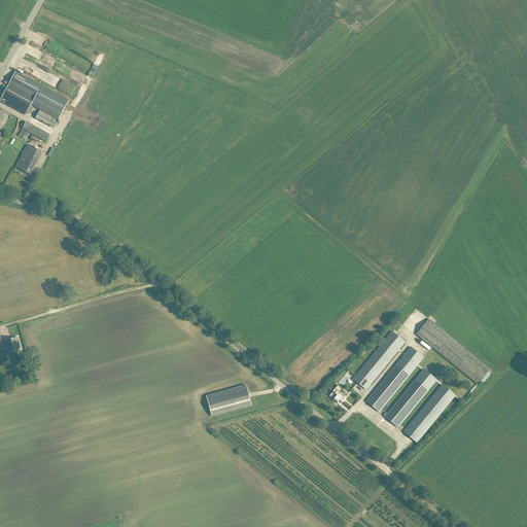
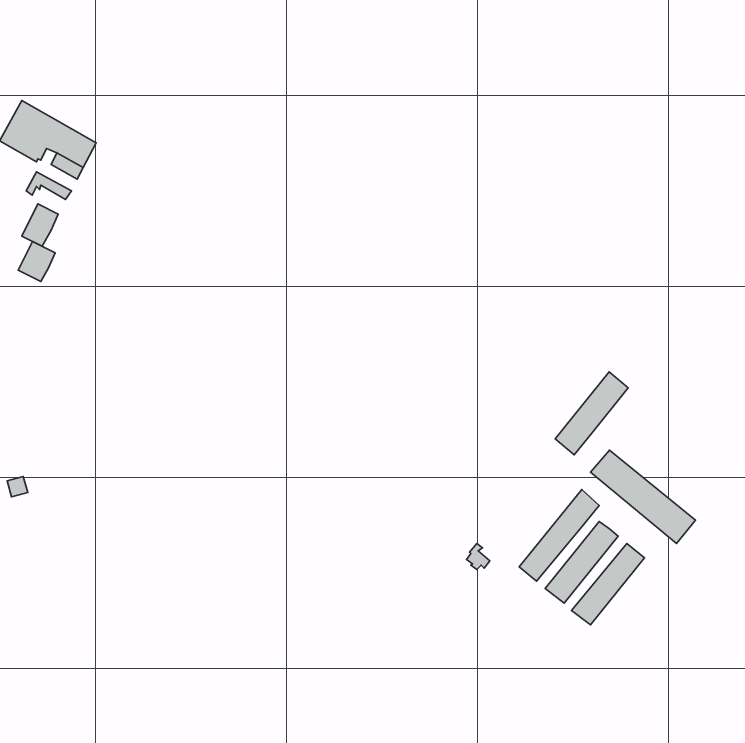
building: none -> [18,242,55,281]
building: [353,330,405,389] -> [555,372,628,455]
building: [206,384,251,415] -> none

